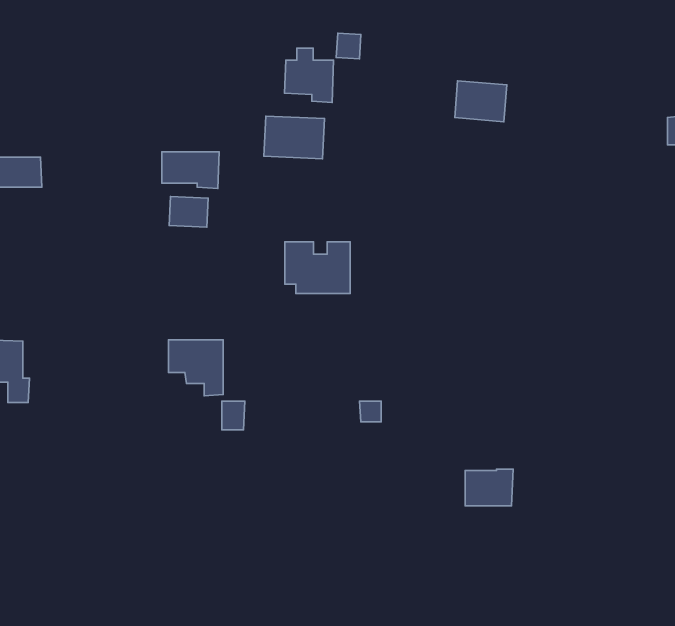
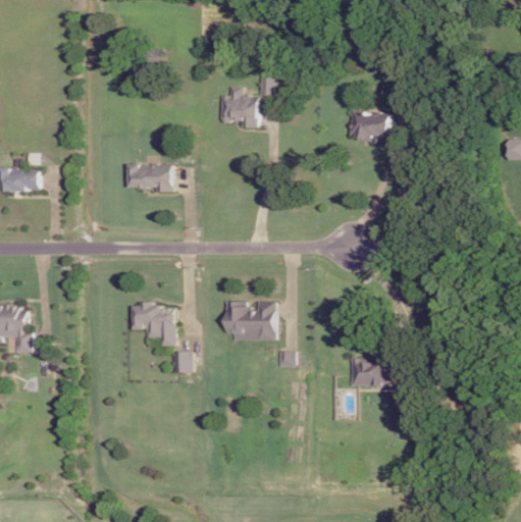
building: [264,116,324,159] -> none
building: [169,197,208,227] -> none
building: [285,242,350,294] -> [225,301,274,340]
building: [465,469,513,506] -> [349,358,384,385]

